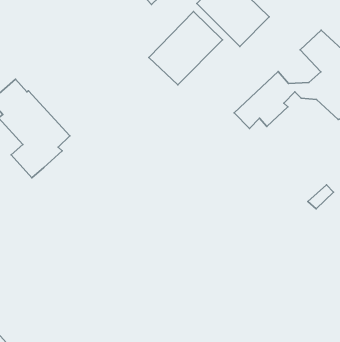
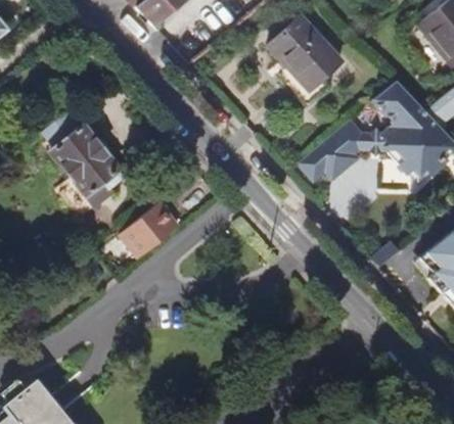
building: [149,11,222,85] -> none
building: none -> [120,201,179,257]

